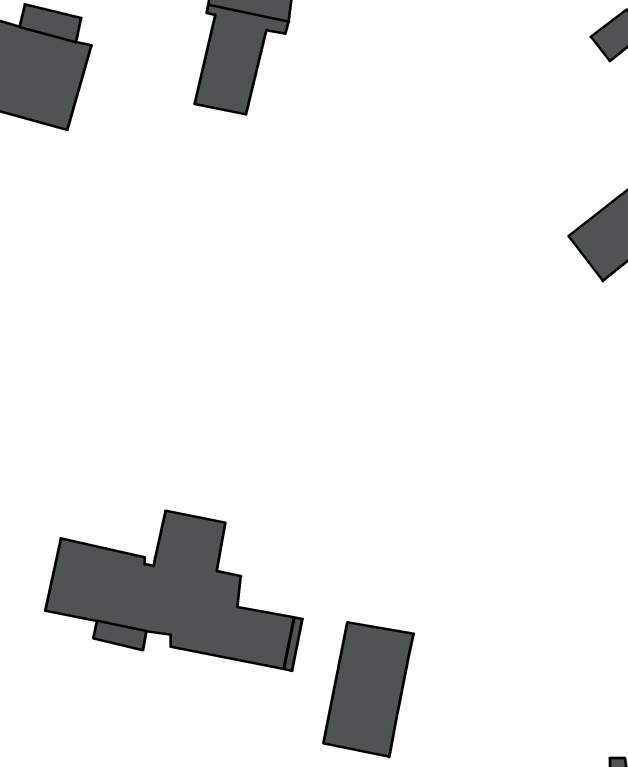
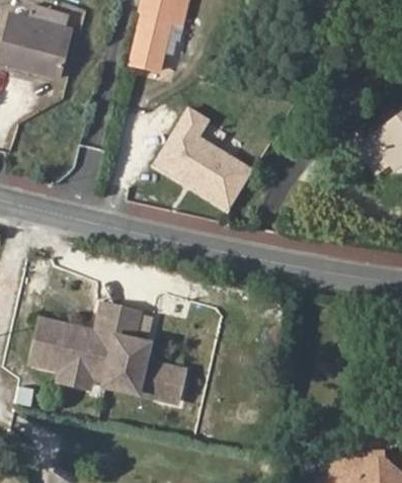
building: none -> [154,103,255,206]
building: [324,622,414,757] -> none

